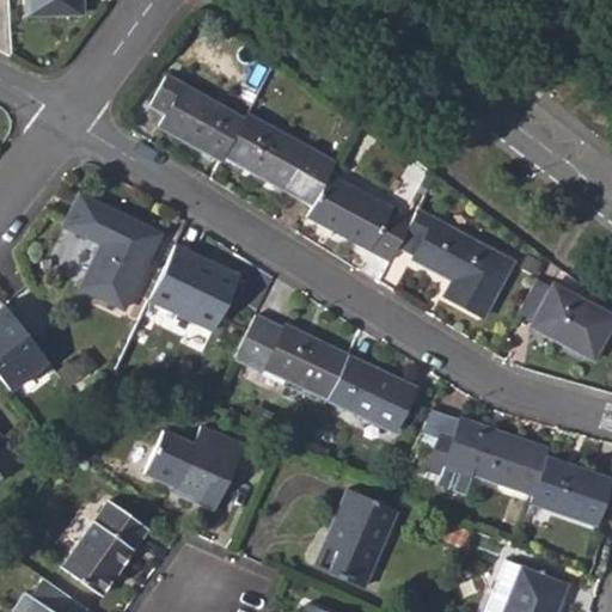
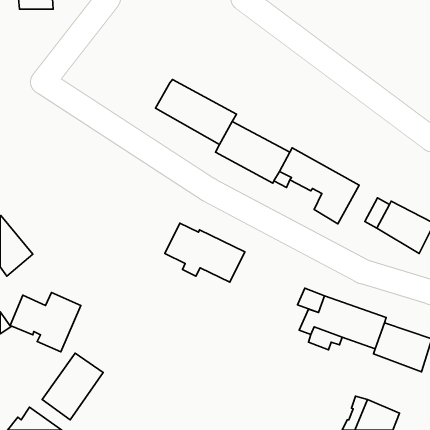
building: [152,75,243,158] -> none
building: [67,197,155,308] -> none
building: [151,246,243,331] -> none
building: [328,356,418,434] -> none
building: [145,427,245,510] -> [10,293,81,352]
building: [318,489,397,587] -> none

